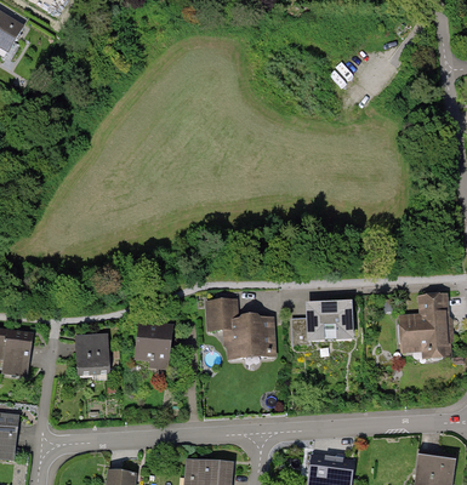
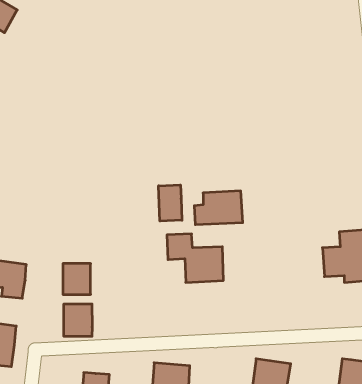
building: none -> [159,185,182,221]
building: [290,301,349,342] -> [194,191,243,225]
building: [137,325,176,366] -> none
building: none -> [64,304,92,336]

